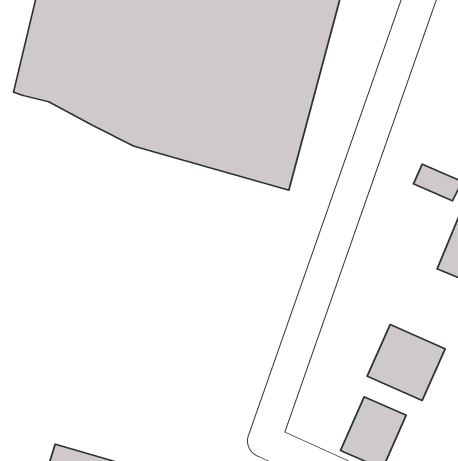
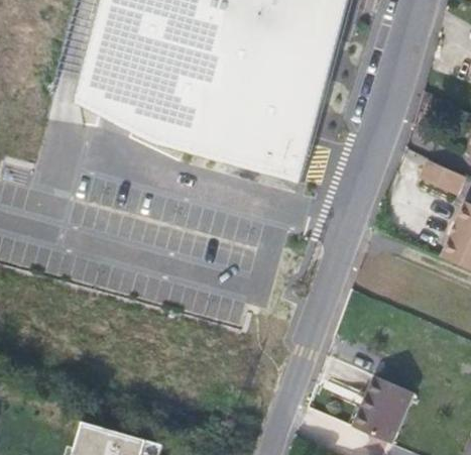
building: [367,325,445,400] -> none

